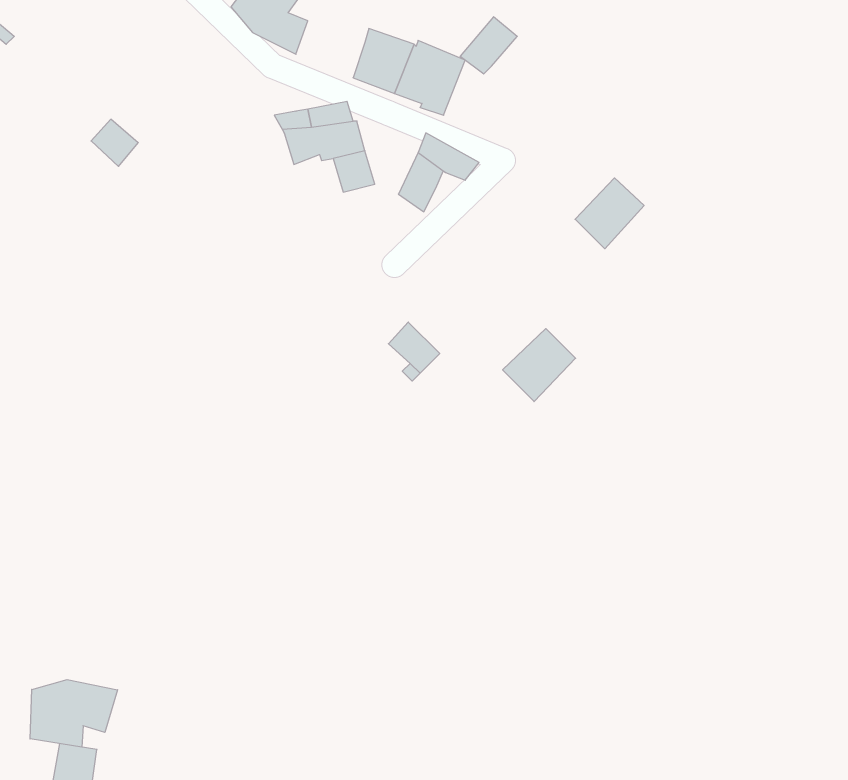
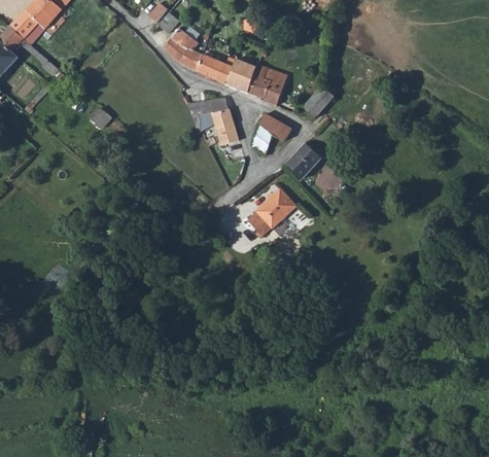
building: [460,17,517,74] -> [304,86,334,116]
building: none -> [198,54,234,83]
building: [575,178,644,249] -> [285,142,321,179]
building: [503,329,576,402] -> [256,189,294,227]
building: [30,680,118,747] -> none

